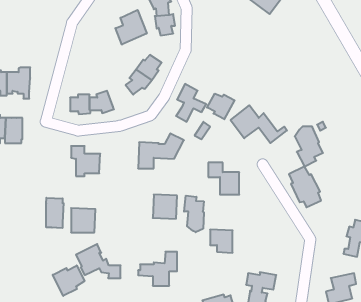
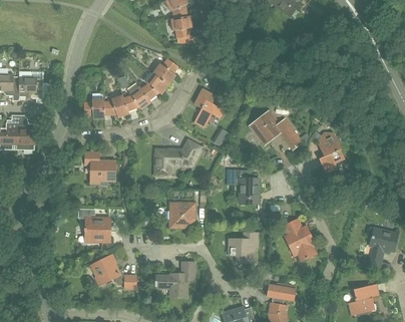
building: [115,10,147,45] -> none
building: none -> [123,85,151,110]
building: [207,94,235,119] -> none
building: [289,166,321,207] -> [283,218,316,260]
building: [184,196,204,232] -> none
building: [46,198,63,228] -> none
building: [53,265,84,296] -> none

